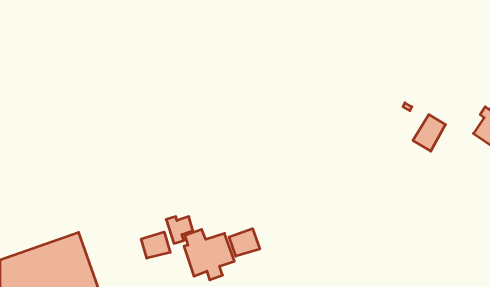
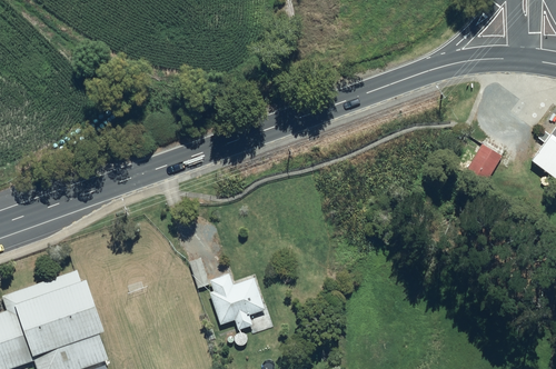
building: [229,229,260,256] -> none
building: [141,232,170,258] -> none

